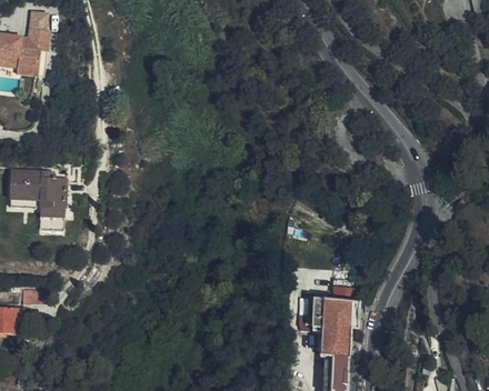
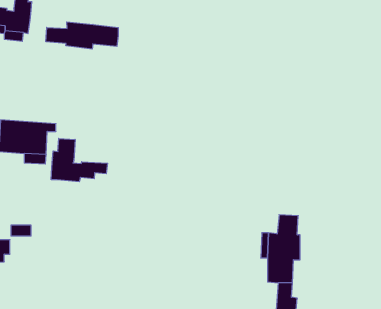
building: none -> [46,22,118,49]
building: none -> [51,138,108,182]

